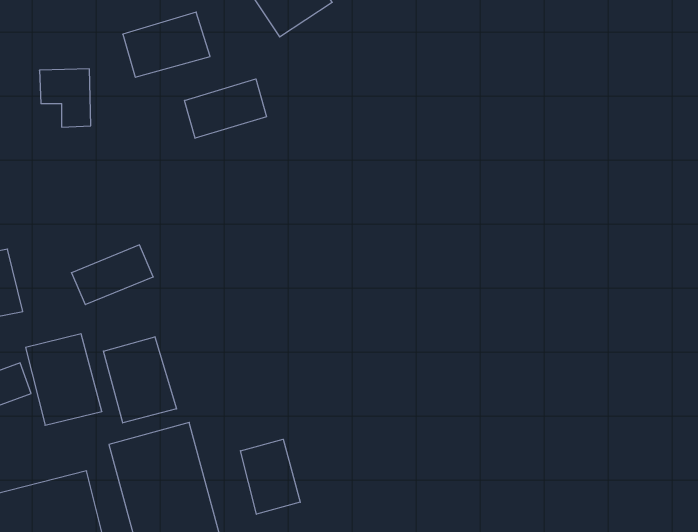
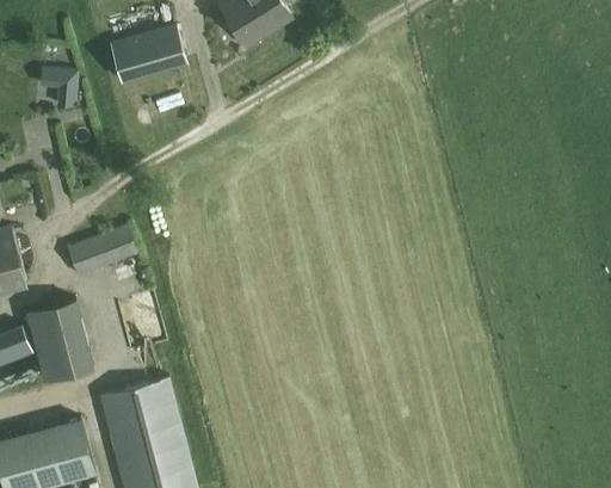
building: [185,79,267,138] -> none
building: [103,337,177,423] -> none
building: [240,439,300,514] -> none

